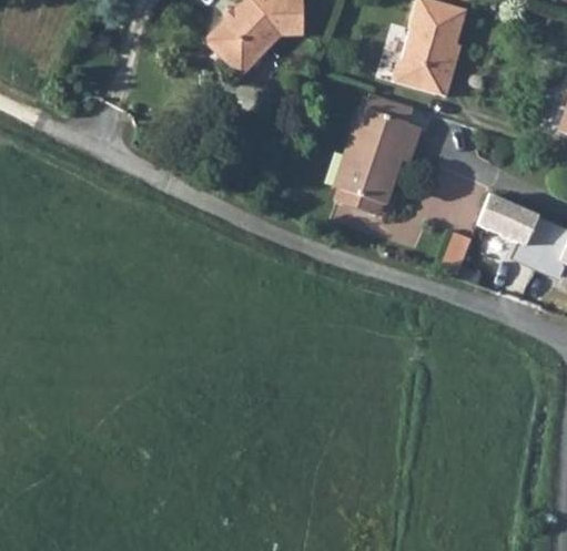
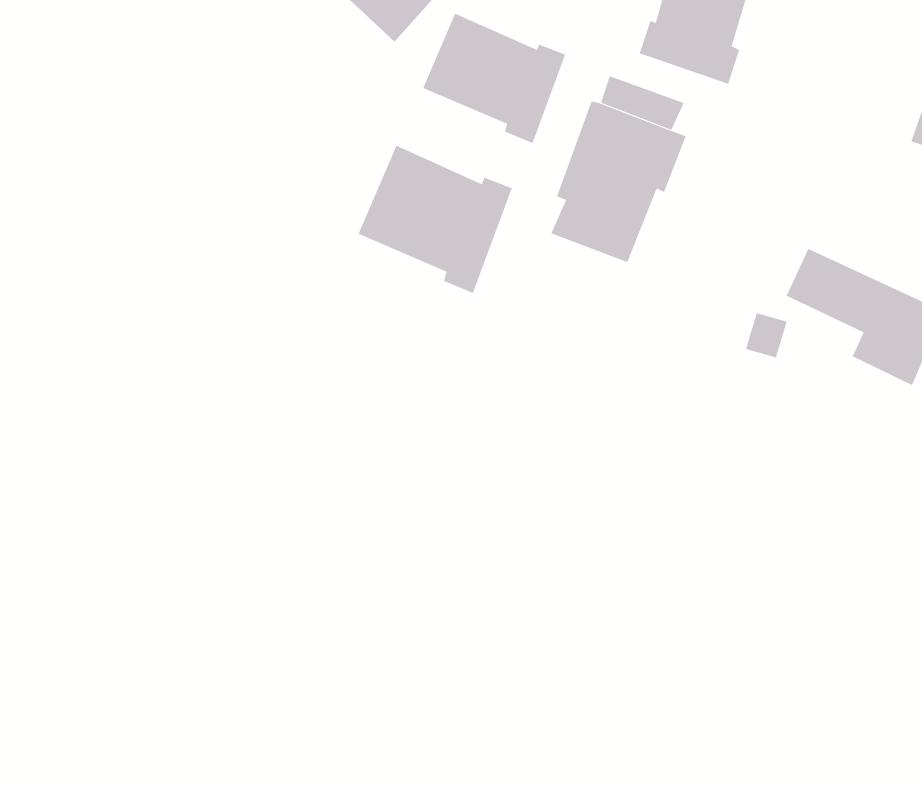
building: none -> [422,13,566,144]
building: none -> [358,145,513,294]

